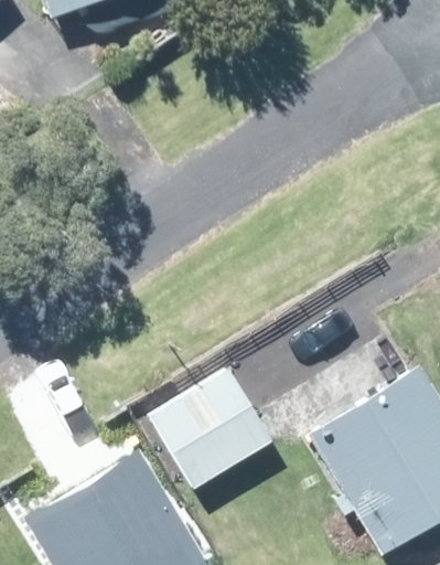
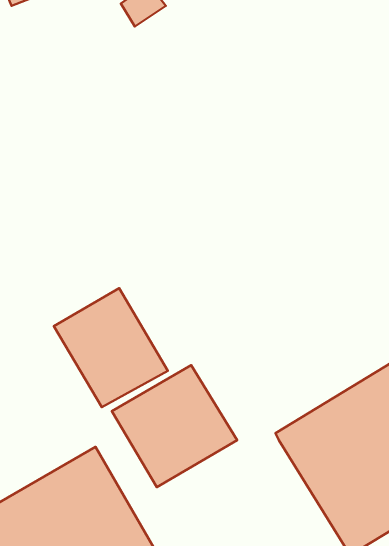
building: none -> [54,288,168,407]

